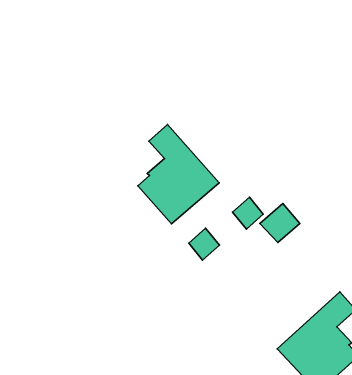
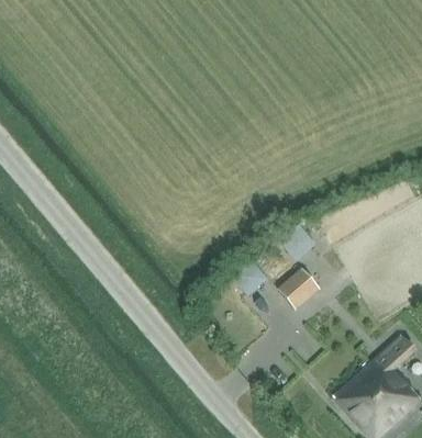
building: [138,124,219,224] -> none
building: [260,204,300,242] -> [278,270,322,313]

